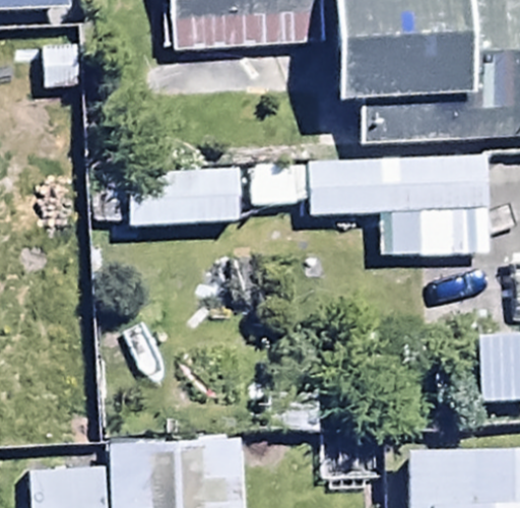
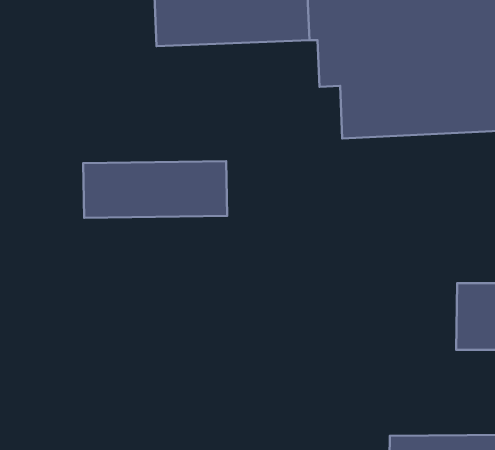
building: [255,155,495,257] -> none

